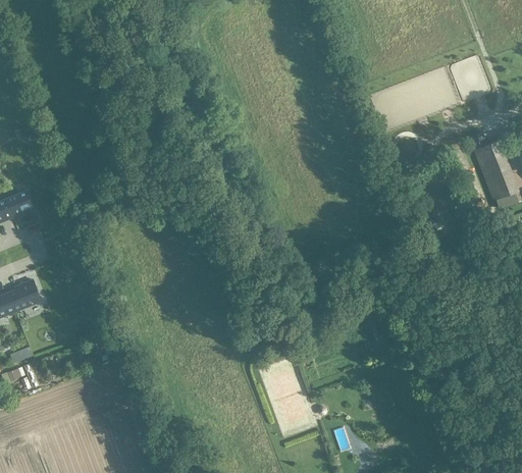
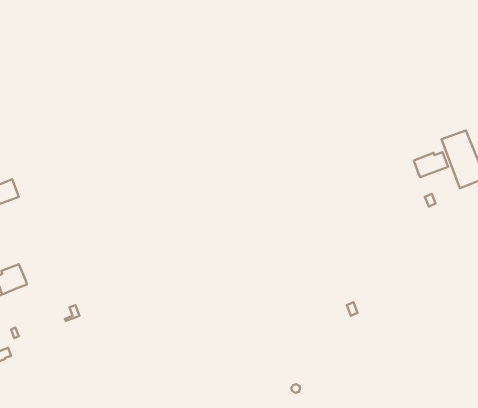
building: none -> [414,152,448,177]

